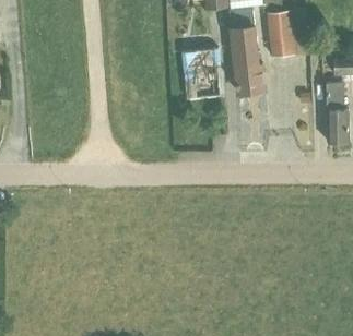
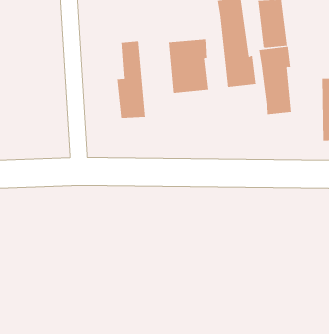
building: none -> [117,40,145,119]
building: none -> [259,46,292,115]

